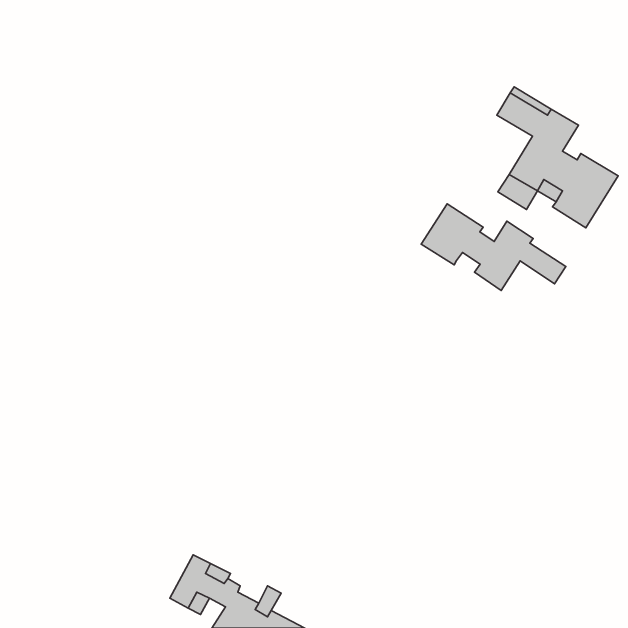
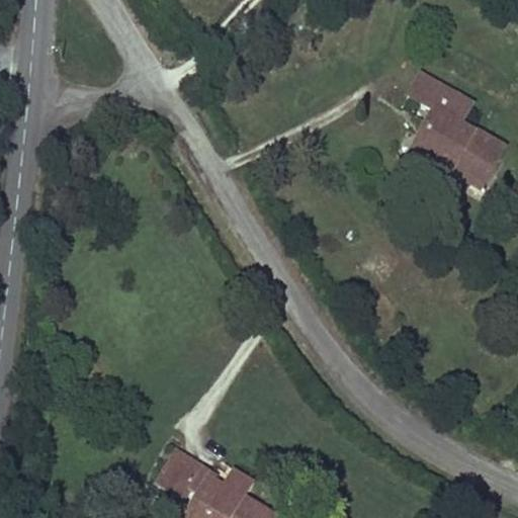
building: [421,204,566,290] -> none

